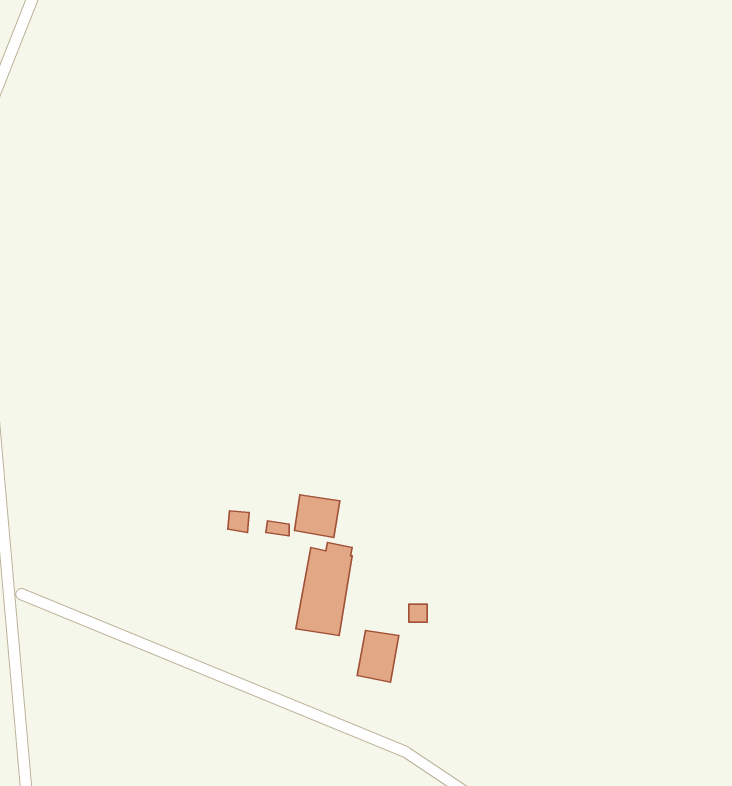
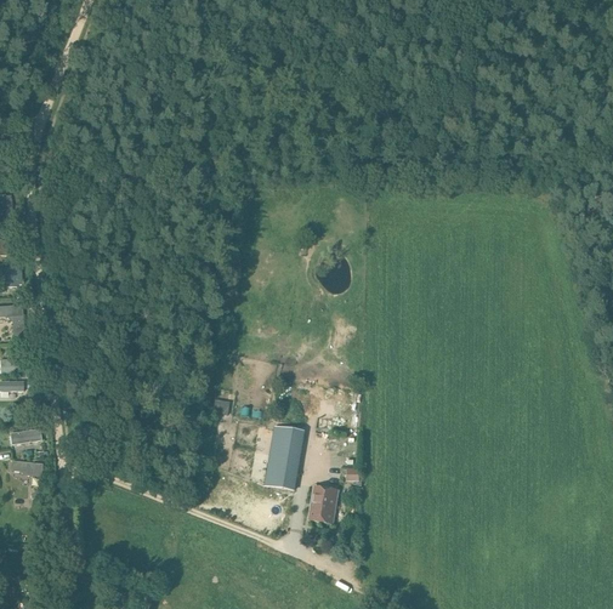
building: [294,495,340,538] -> none

